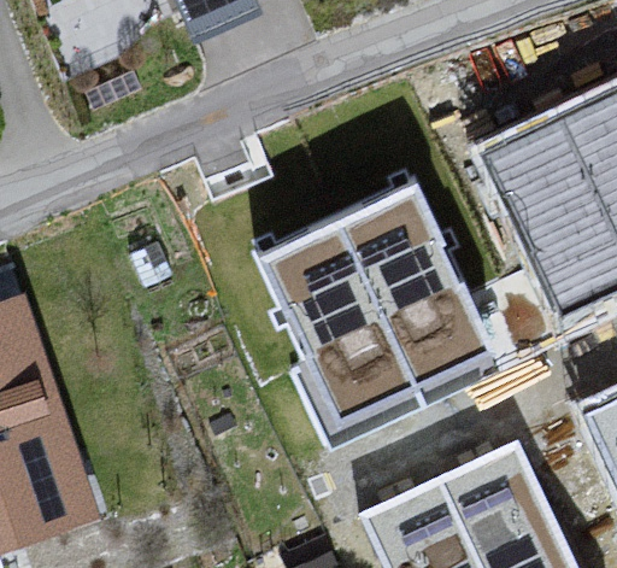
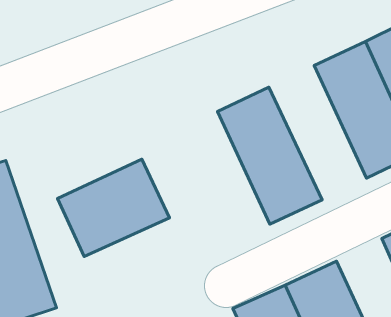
building: [262,218,417,423] -> none
building: none -> [57,159,169,257]

